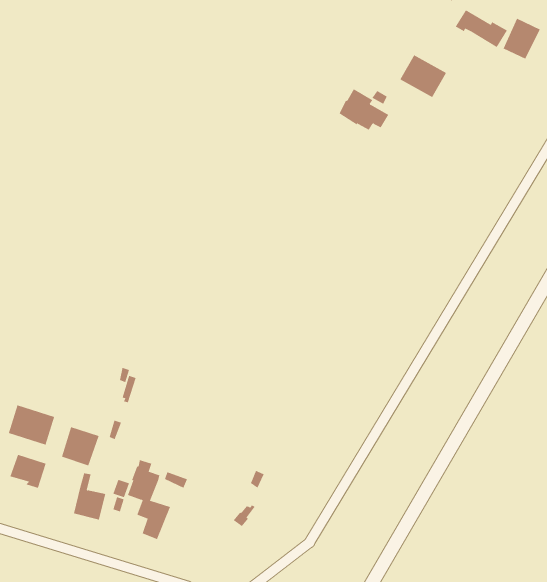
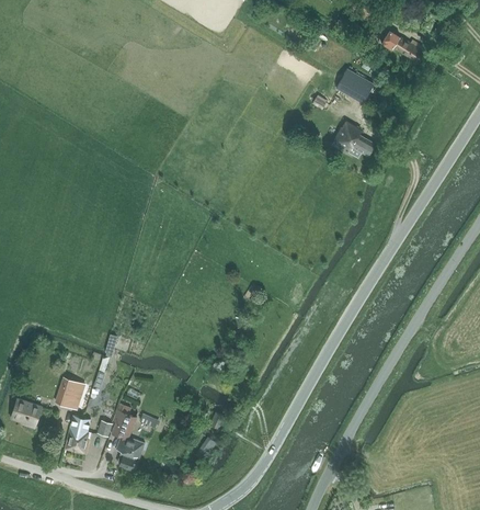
building: [503,18,540,59] -> none
building: [339,88,389,131] -> [332,122,374,157]
building: [8,405,55,445] -> none

